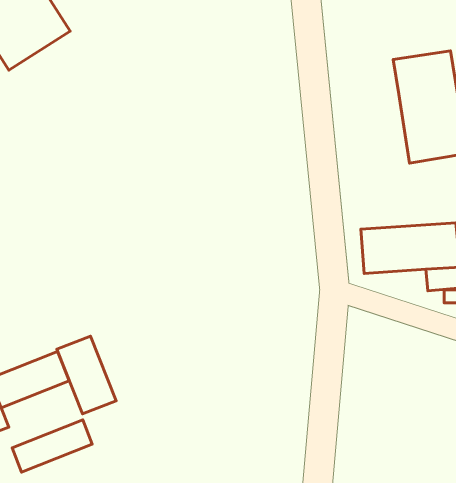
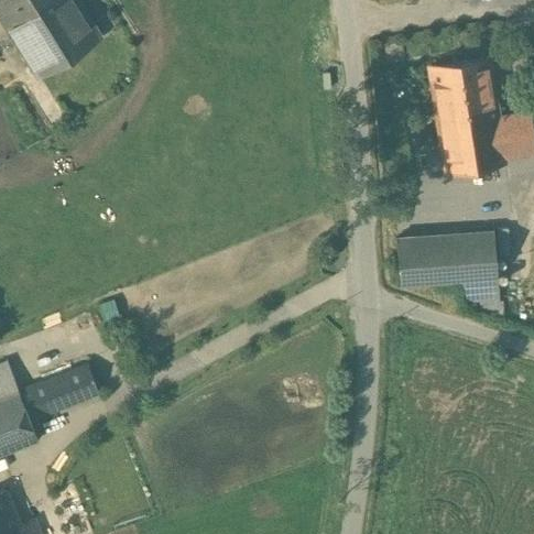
building: [57,336,116,414] -> none
building: [12,420,92,472] -> none

